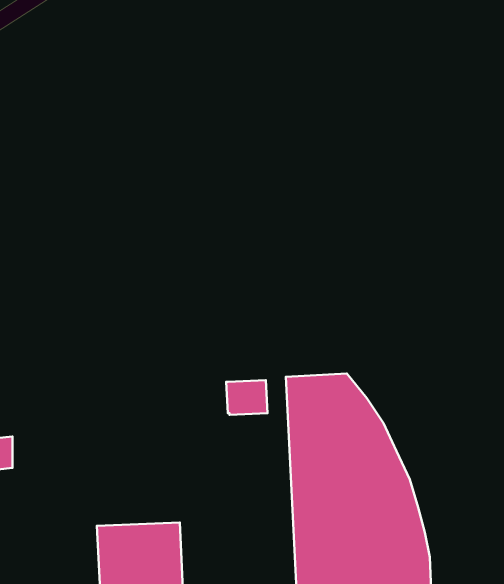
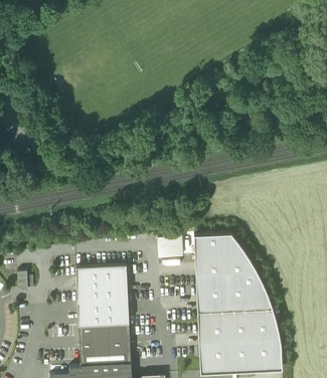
building: none -> [75,265,129,326]

